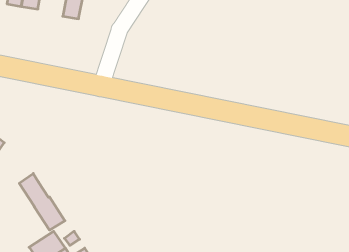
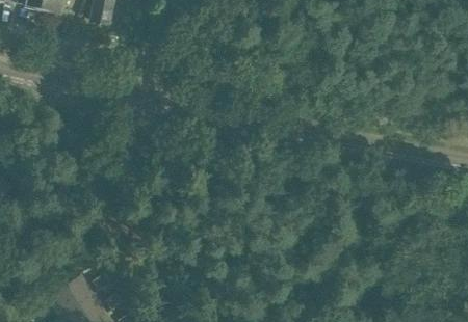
building: [19,173,65,230] -> none

